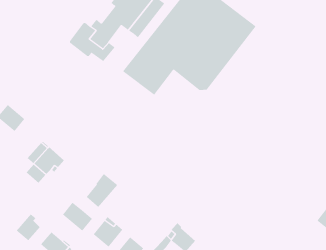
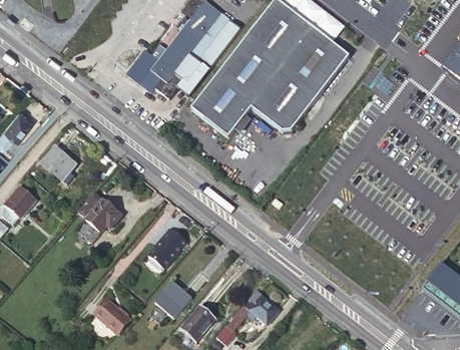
building: none -> [174,53,203,79]
building: [62,202,93,231] -> none
building: [16,214,40,241] -> none

